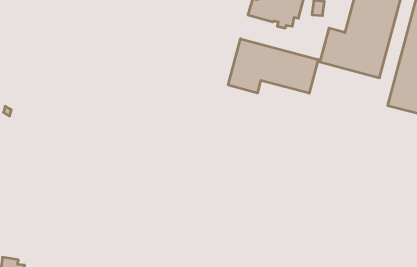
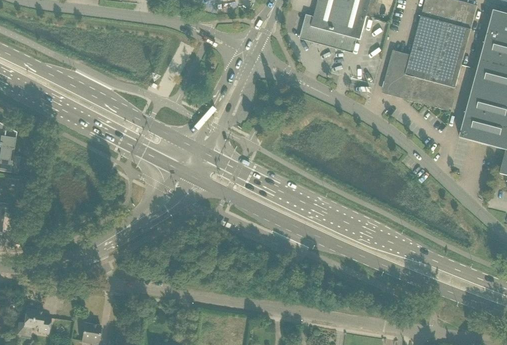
building: [228,39,318,93] -> none

